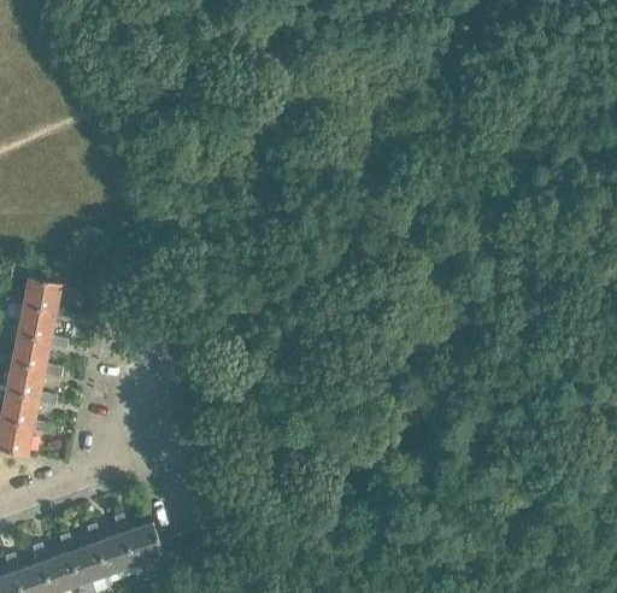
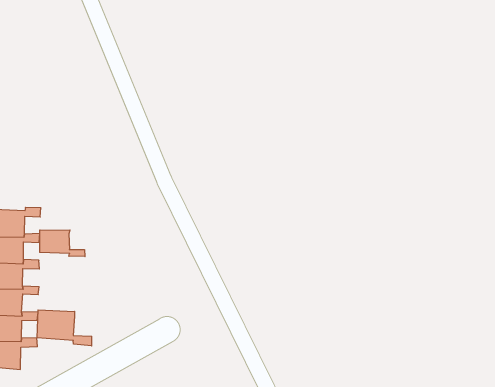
building: none -> [40,230,85,257]
building: none -> [37,310,92,346]

